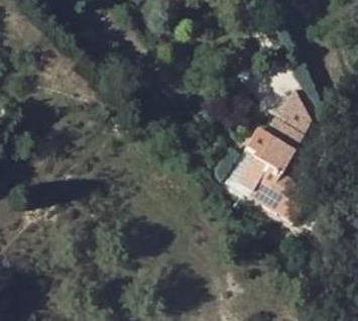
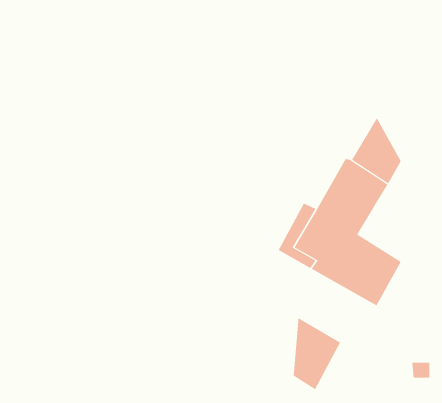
building: none -> [293,317,341,390]

